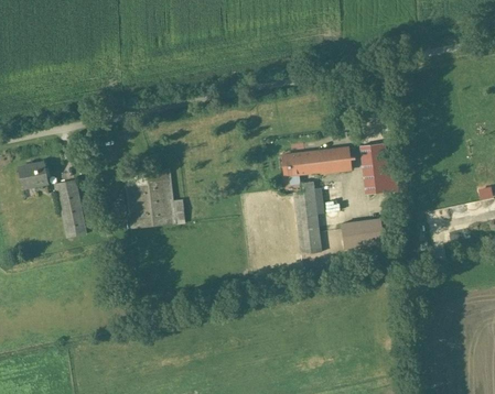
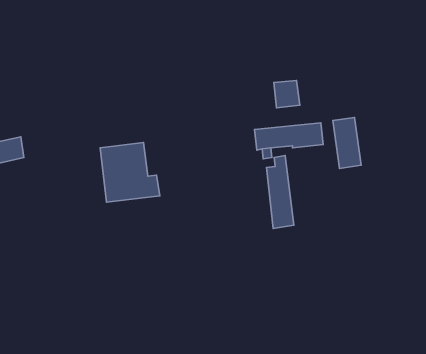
building: none -> [274,81,300,108]
building: [56,179,87,237] -> none
building: [342,218,384,248] -> none

